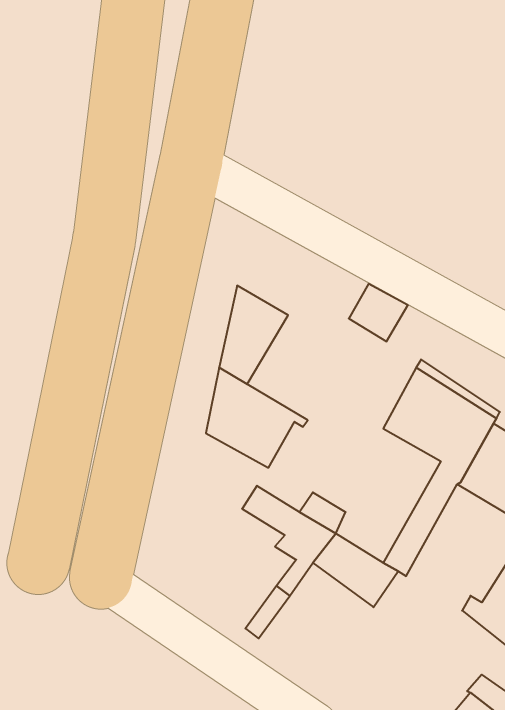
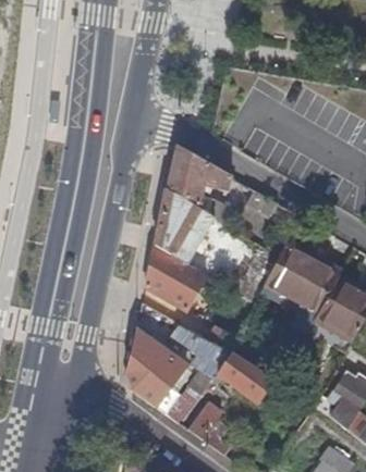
building: none -> [166,145,233,214]
building: none -> [126,330,185,413]
building: none -> [187,405,237,456]

